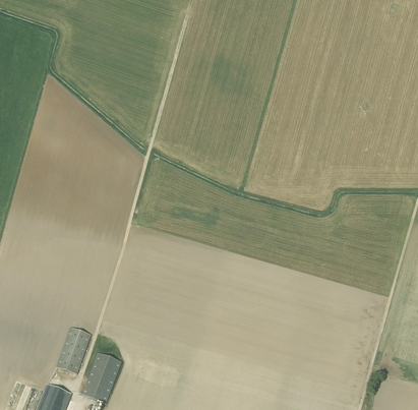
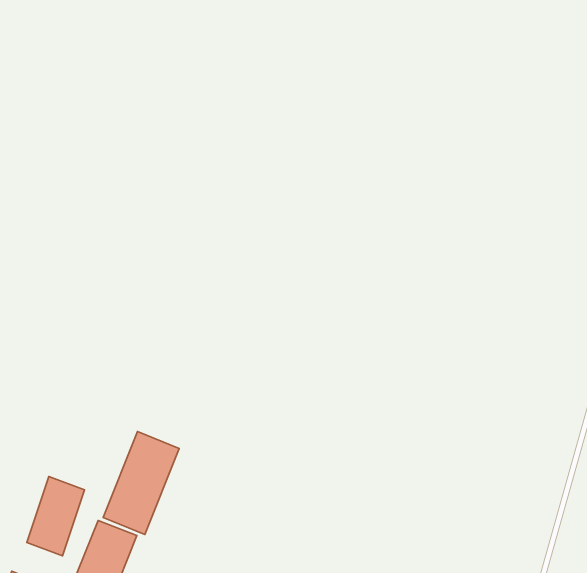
building: none -> [103,432,179,534]

